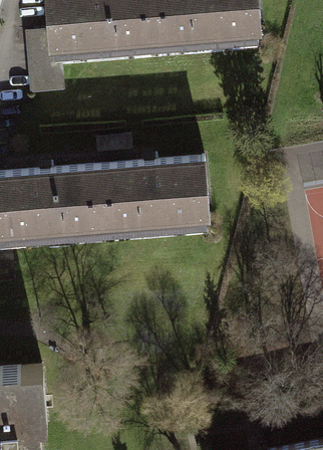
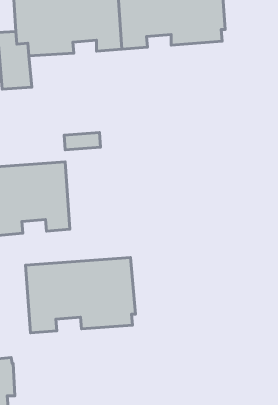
building: [96,160,209,237] -> [25,257,135,333]

